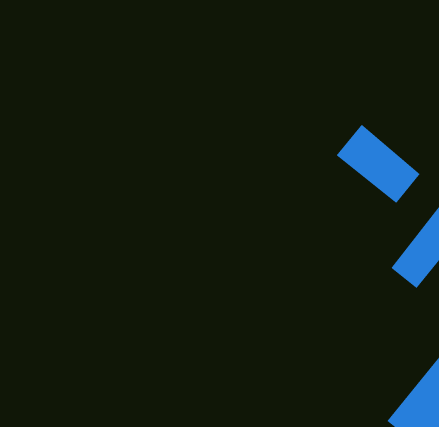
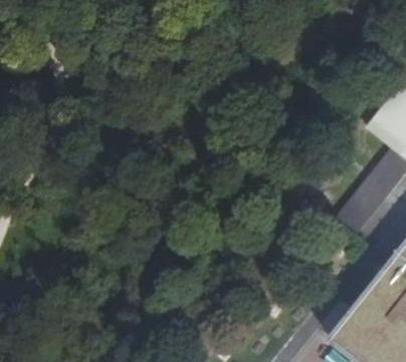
building: [336,124,421,204] -> none

